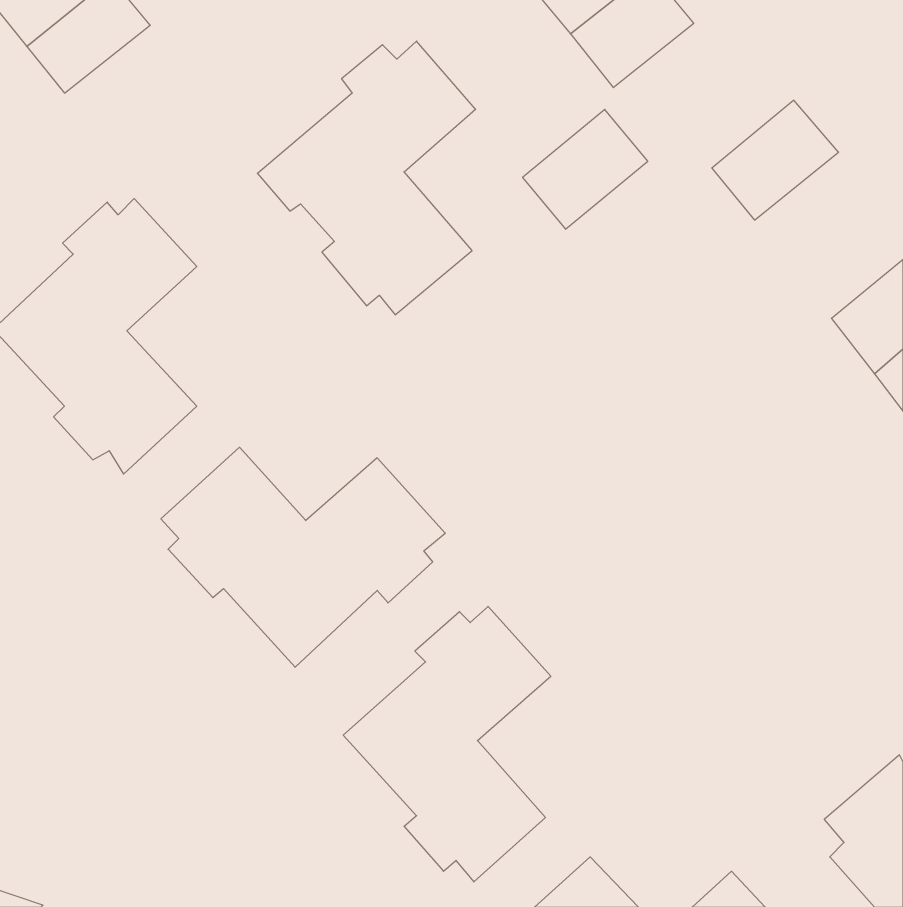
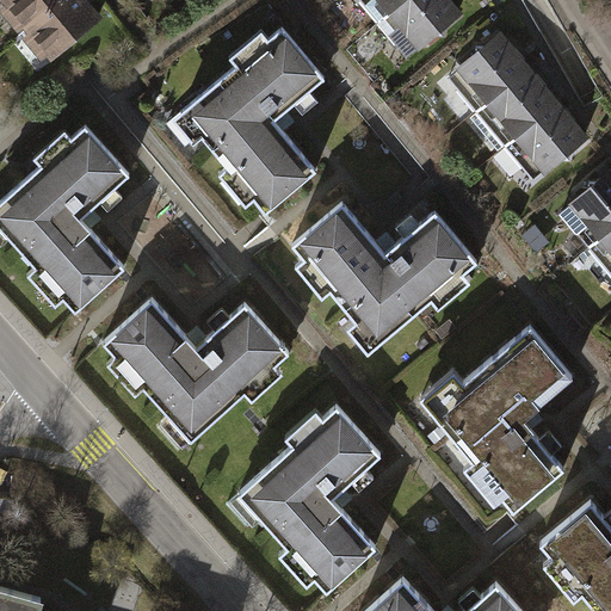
building: [523,109,648,229] -> [446,32,530,112]
building: none -> [504,101,588,181]
building: none -> [298,205,488,359]
building: none -> [414,322,568,520]

